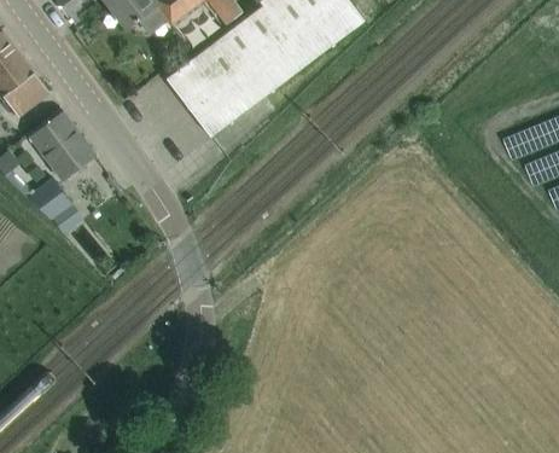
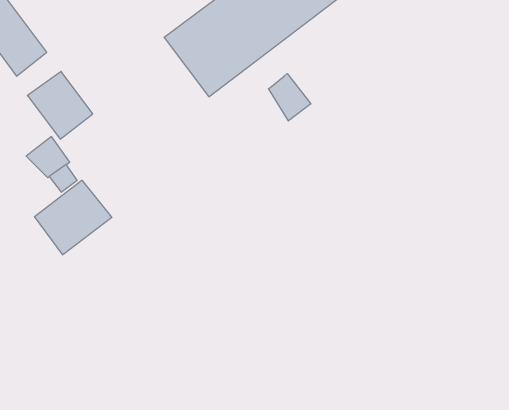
building: none -> [268,74,311,121]
building: none -> [35,180,112,255]

